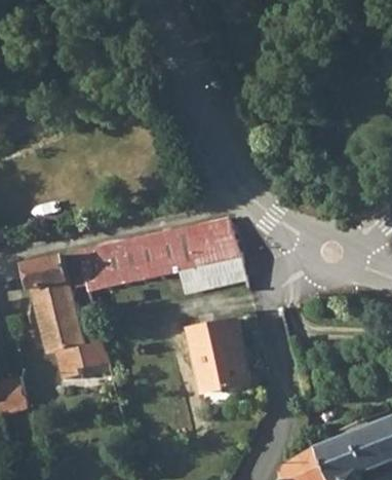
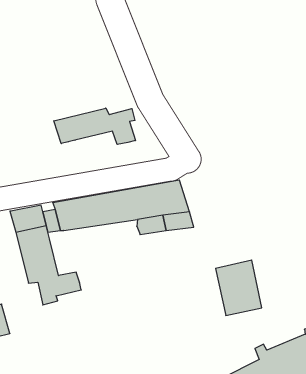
building: none -> [54,108,135,144]
building: [187,322,243,390] -> [216,260,262,315]

